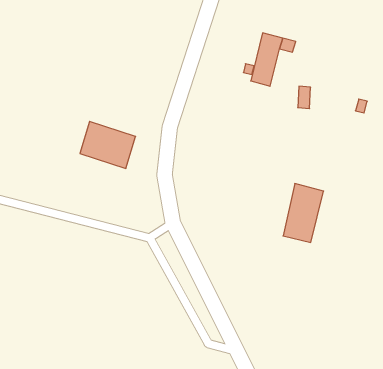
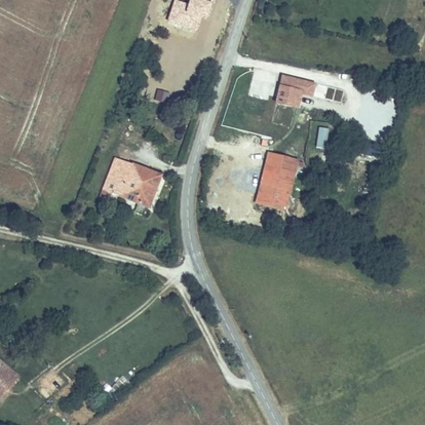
building: [283,184,324,242] -> [258,152,297,208]

